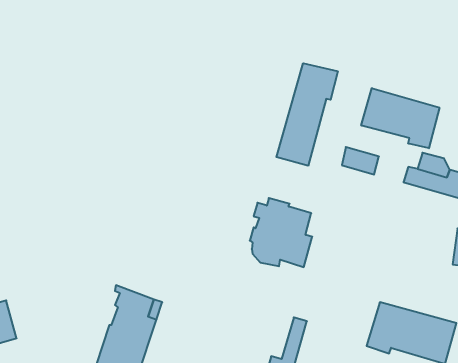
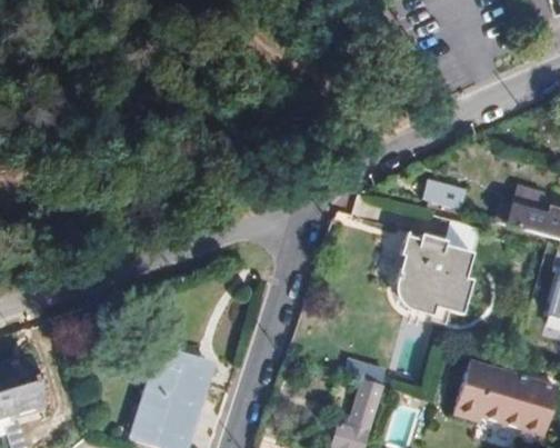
building: [276,63,338,166] -> none
building: [361,88,439,148] -> none
building: [250,198,312,267] -> [399,233,472,315]

